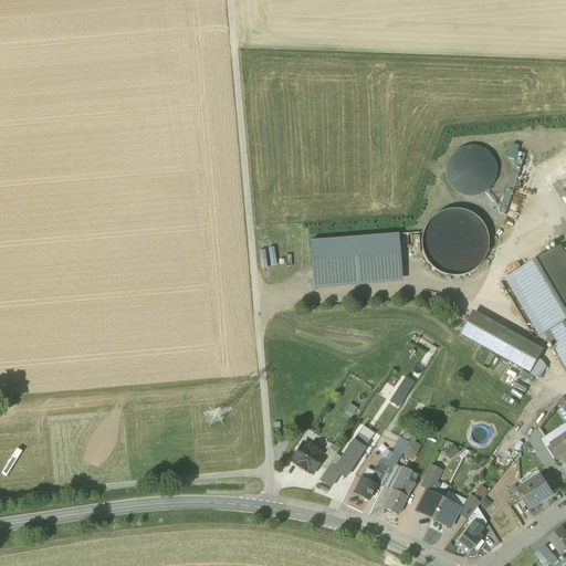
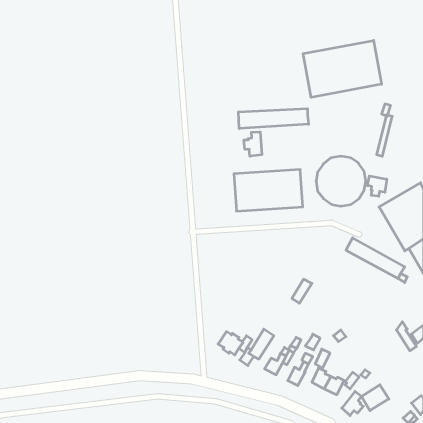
building: none -> [303,40,382,97]
building: none -> [238,109,309,129]
building: [457,149,493,189] -> none
building: none -> [244,132,262,156]
building: none -> [367,176,387,196]
building: [518,473,555,507] -> [362,385,389,411]

